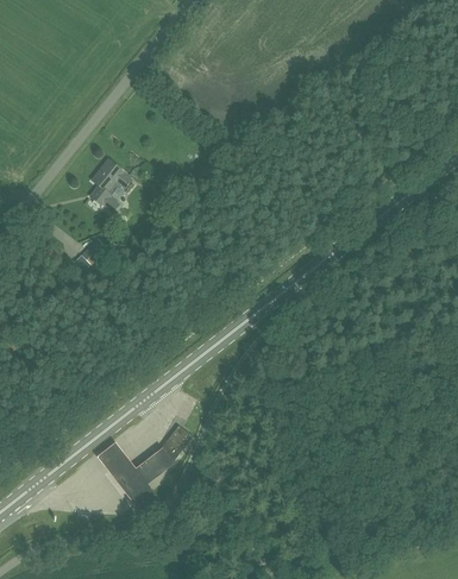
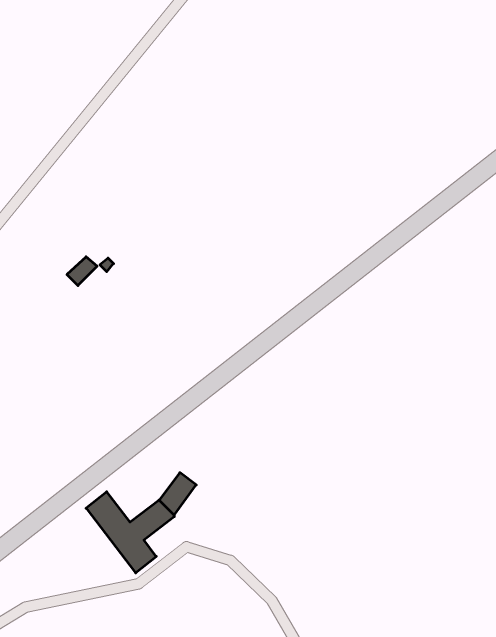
building: [90,158,132,212] -> none

